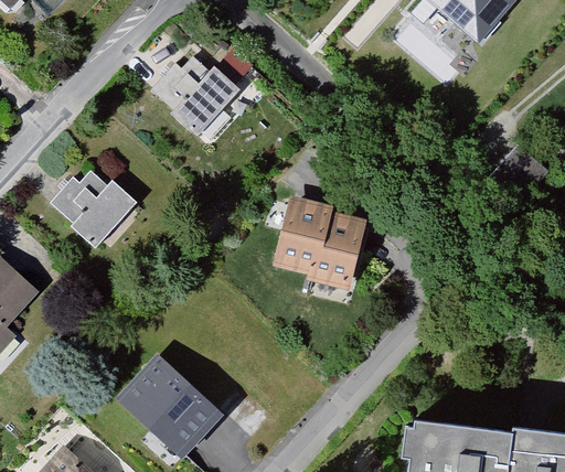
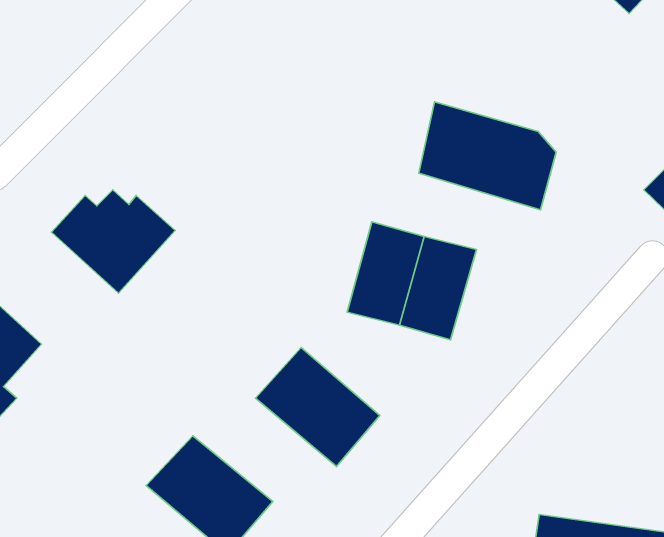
building: [150,51,258,146] -> none
building: none -> [419,102,556,210]
building: none -> [255,348,380,466]

